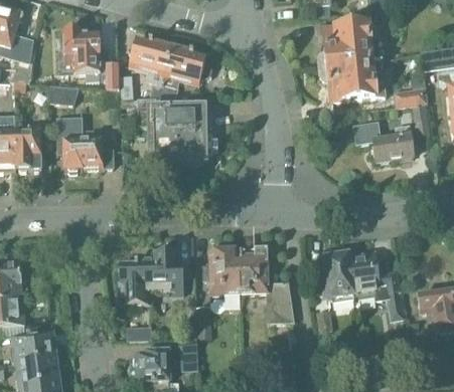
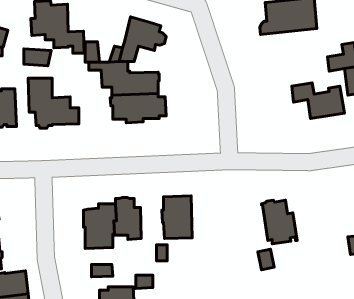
building: [128,37,171,74] -> none
building: [318,59,385,100] -> none
building: [240,248,294,323] -> none
building: [346,250,404,321] -> none

